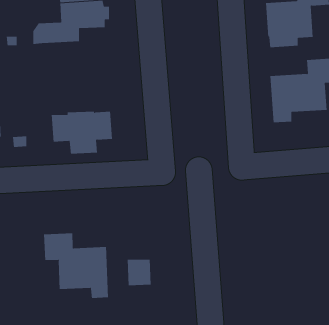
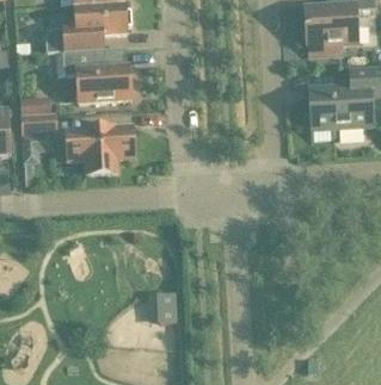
building: none -> [55,49,130,103]
building: none -> [19,114,56,137]
building: [43,233,109,299] -> none

